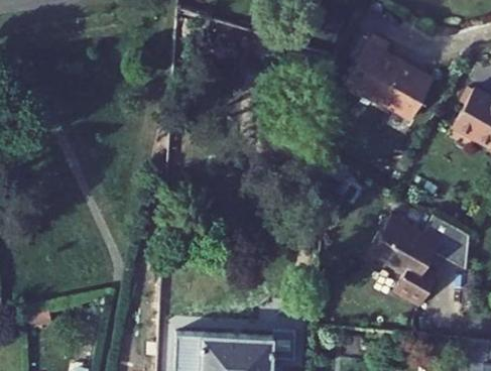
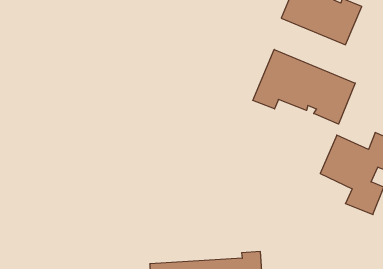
building: none -> [253,49,355,124]

